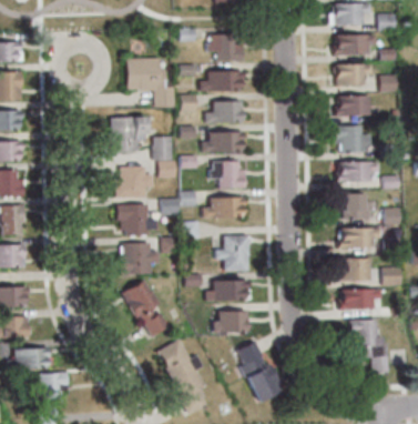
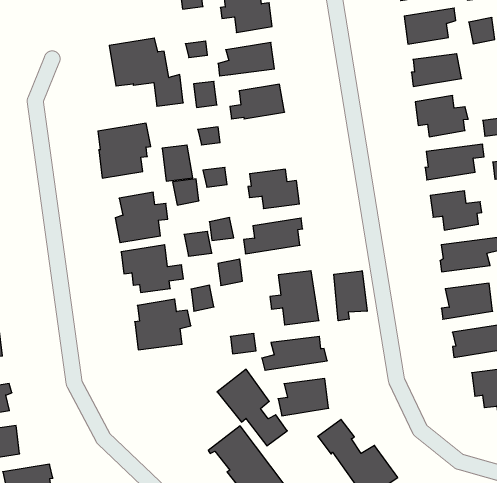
building: [201,133,242,152] -> none
building: none -> [334,271,367,321]
building: [121,281,166,336] -> [217,369,287,446]

